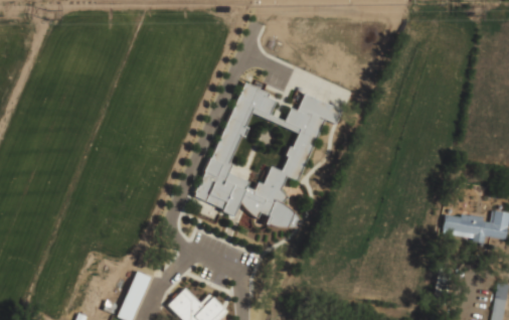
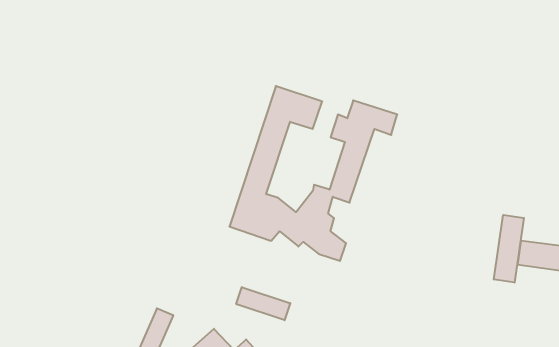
building: none -> [494,215,524,283]
building: none -> [236,287,290,320]

